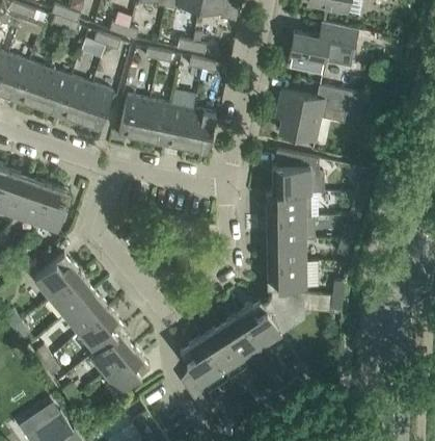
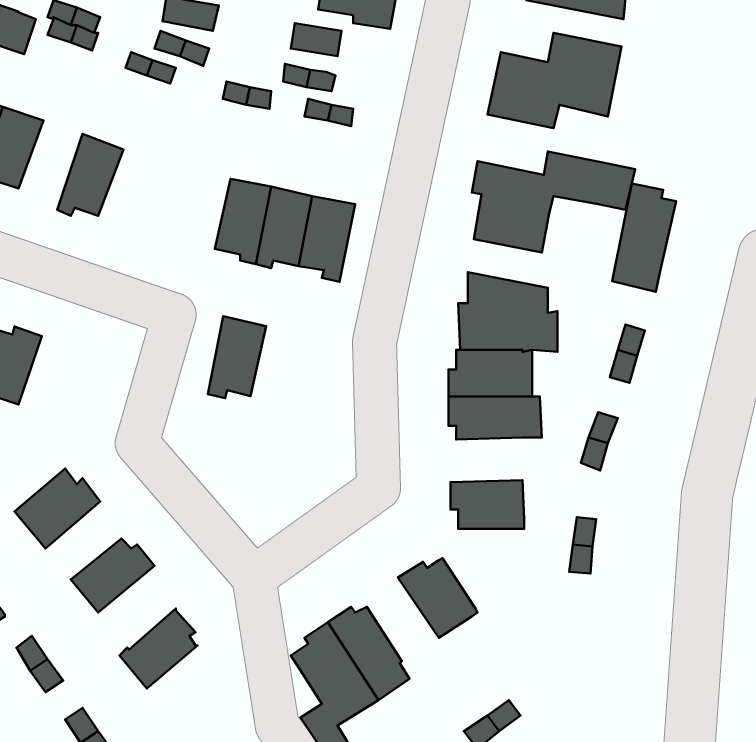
building: [35,69,70,116] -> none
building: [78,84,112,131] -> none
building: [117,95,148,138] -> [208,316,266,398]
building: none -> [612,184,676,292]
building: [35,184,69,229] -> none
building: [265,238,304,262] -> none
building: [50,273,90,314] -> none
building: [262,287,303,330] -> none
building: [78,307,121,352] -> none
building: [221,313,260,358] -> none
building: [104,346,145,390] -> none

